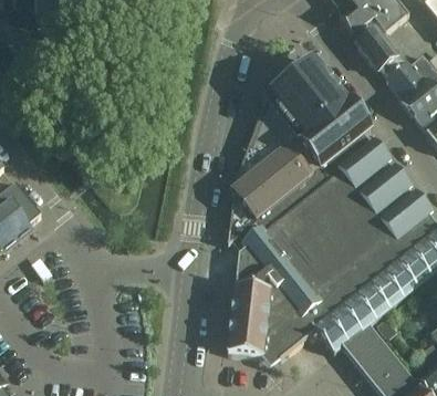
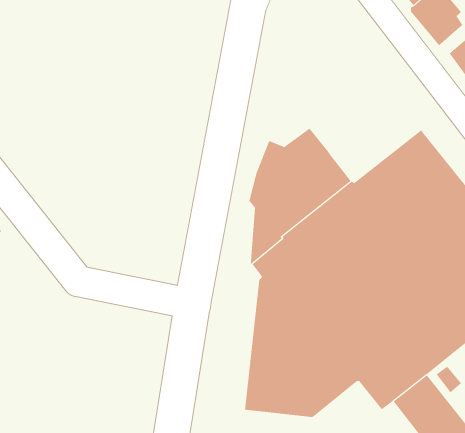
building: [249,56,374,176] -> none

